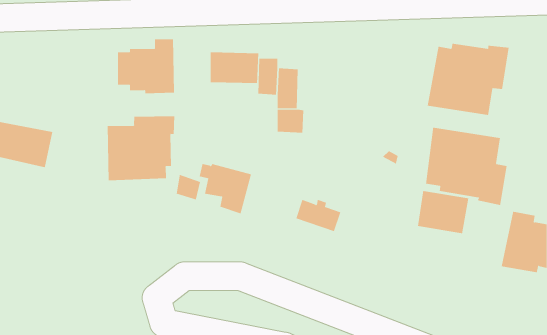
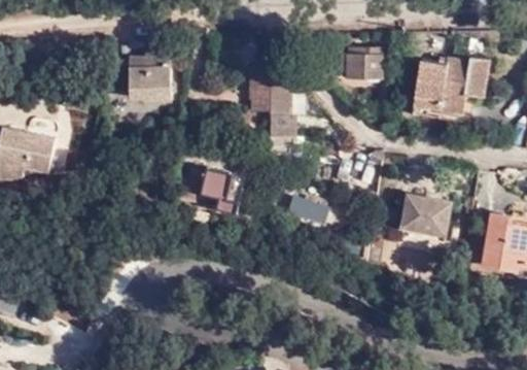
building: none -> [333,46,384,79]
building: [210,51,259,84] -> none
building: [107,116,175,181] -> none
building: [425,127,507,206] -> none

